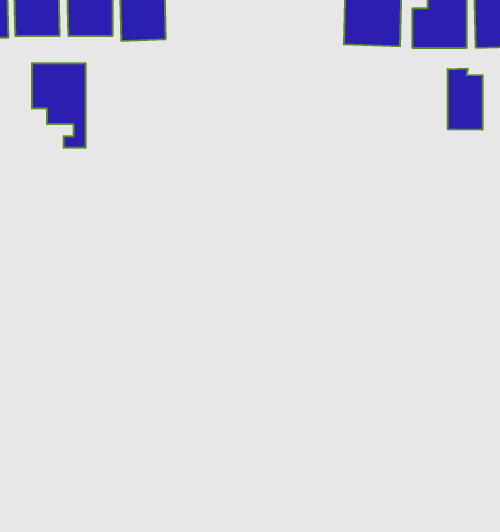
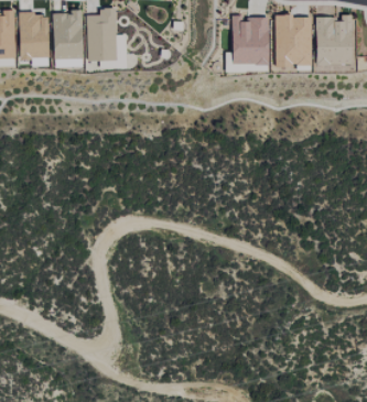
building: [32,63,85,148] -> none
building: [448,69,482,130] -> none

